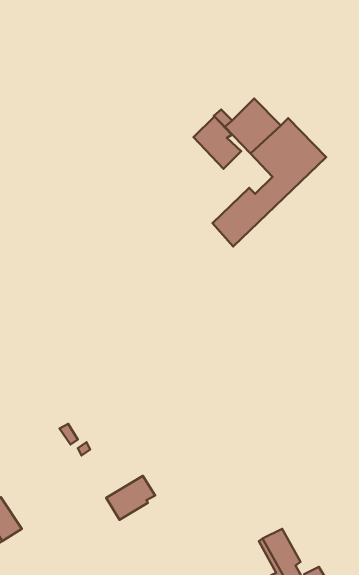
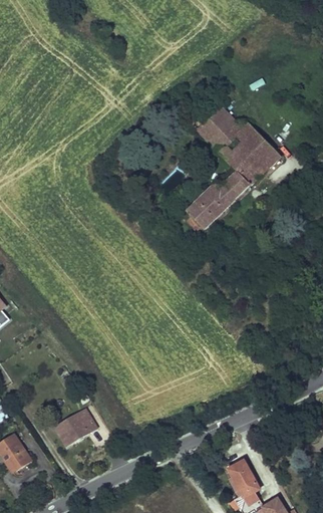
building: [193,116,241,169] -> none
building: [106,476,155,520] -> [54,410,94,446]

